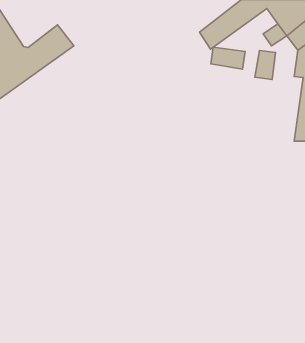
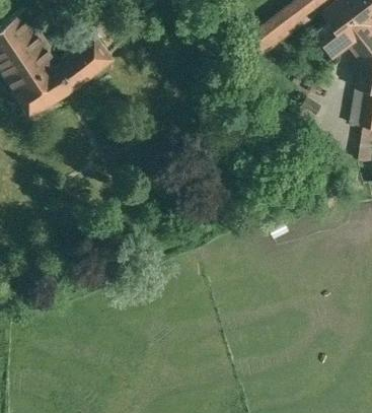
building: [211,47,245,69] -> none
building: [255,50,276,80] -> none

